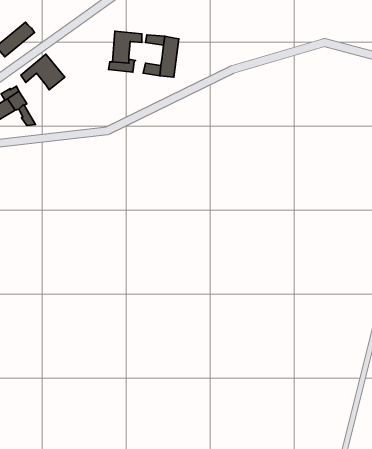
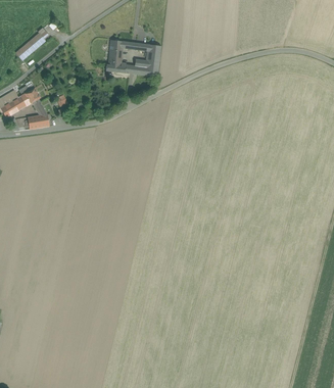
building: [21,54,65,90] -> none

